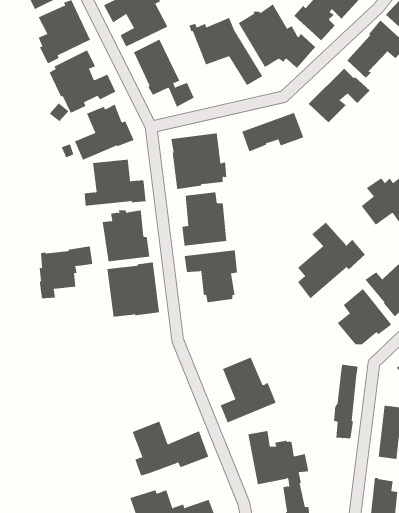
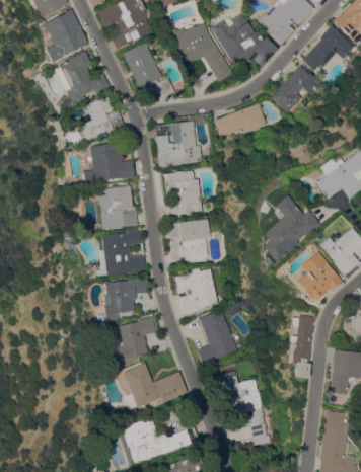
building: [39,246,93,299] -> [102,277,148,321]
building: none -> [174,268,218,314]
building: none -> [106,316,158,364]

